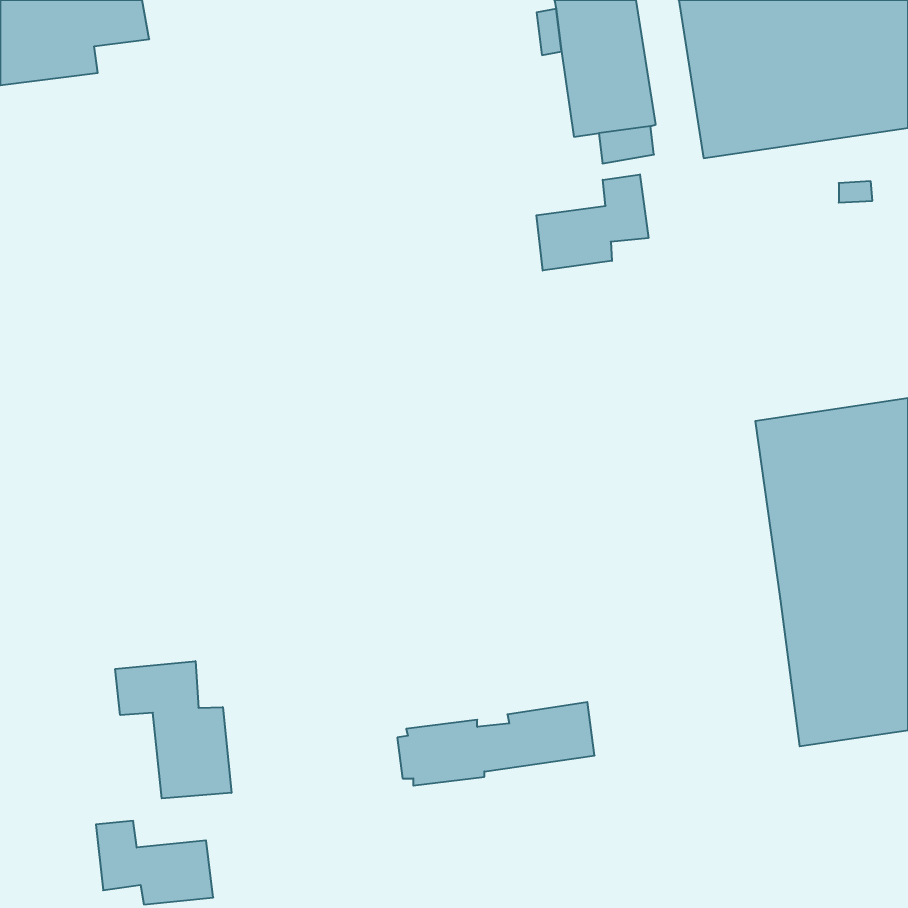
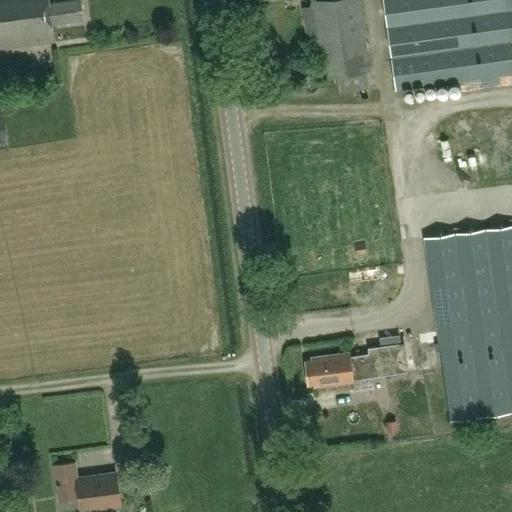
building: [536,174,648,271] -> none
building: [115,661,231,798] -> none
building: [397,702,595,786] -> [305,341,416,388]

